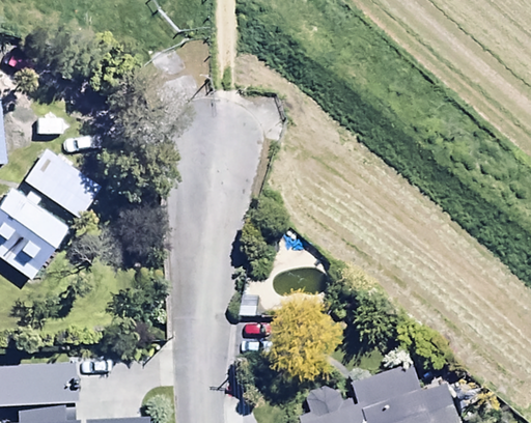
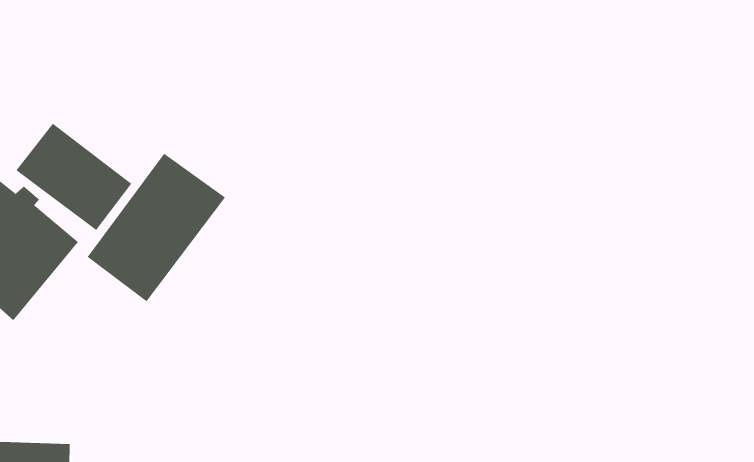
building: none -> [87,153,226,302]

